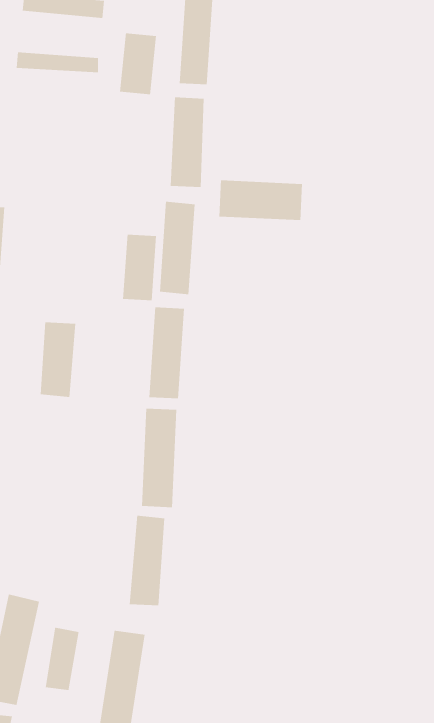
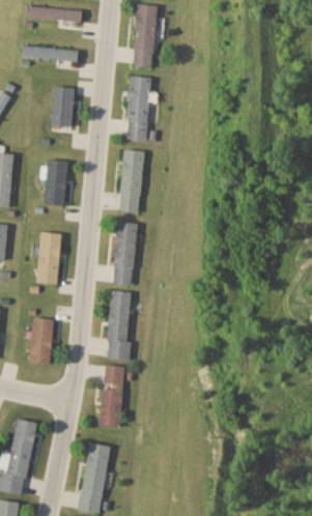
building: [119,33,157,95] -> [50,88,76,131]
building: [219,180,303,221] -> none
building: [122,234,157,301] -> [45,160,68,205]
building: none -> [30,318,53,364]
building: [45,627,79,691] -> none

